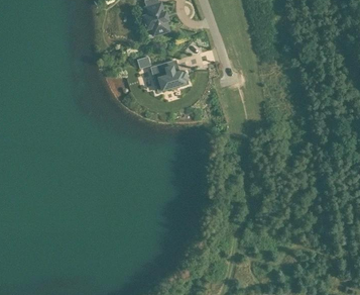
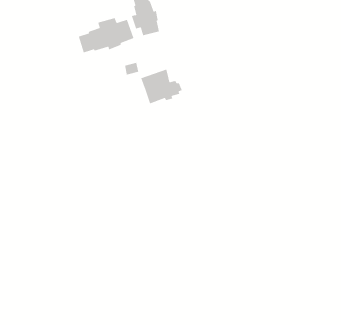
building: none -> [78,17,134,54]

